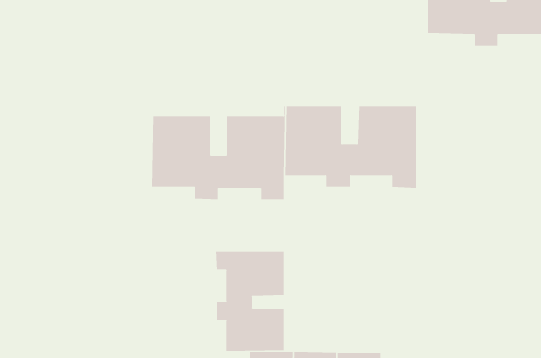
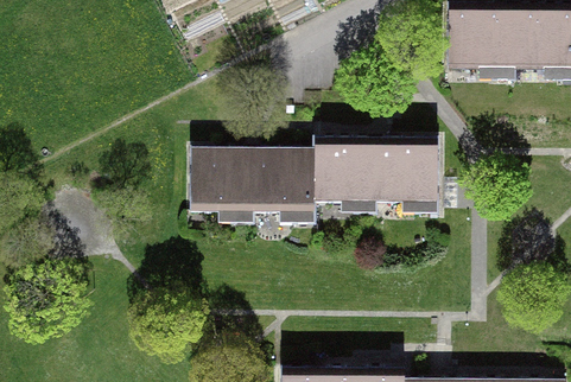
building: [215,251,284,352] -> none

